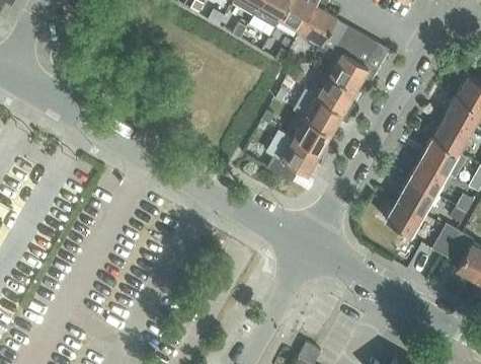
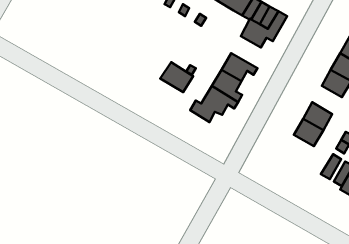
building: [318,76,356,117] -> none
building: none -> [160,62,193,92]
building: [420,139,458,174] -> none
building: [385,201,422,236] -> none

